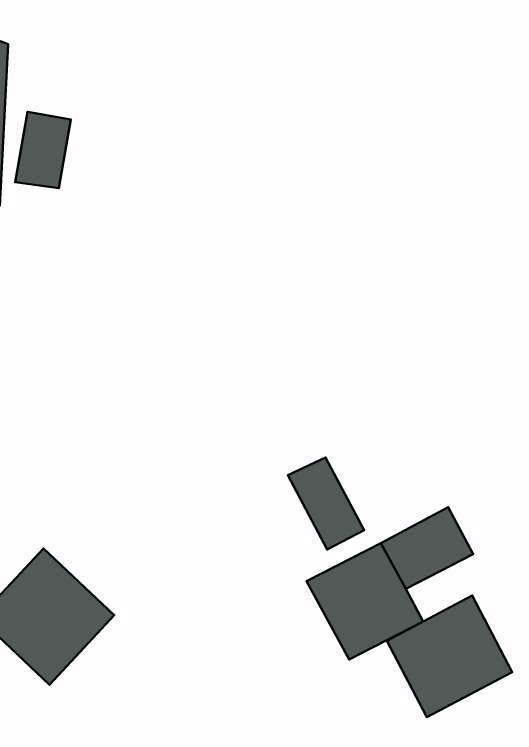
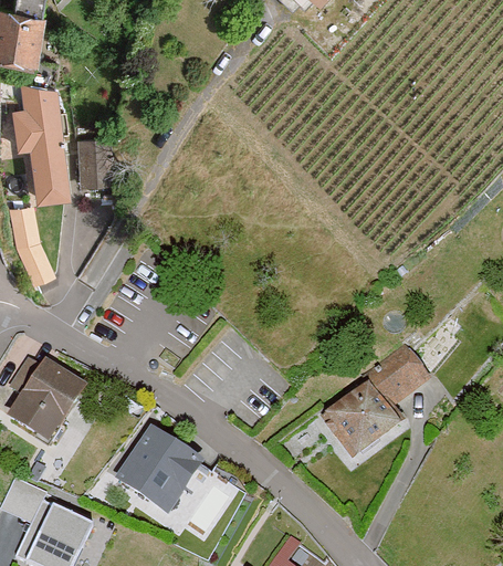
building: [288,457,364,550] -> none
building: [387,596,512,717] -> none

